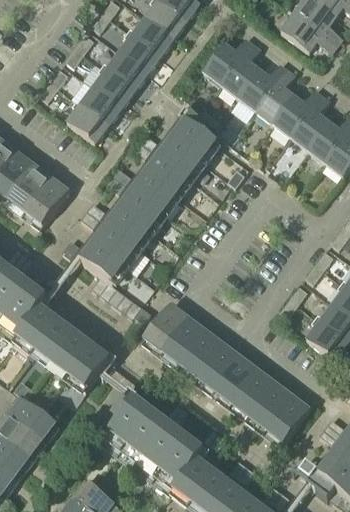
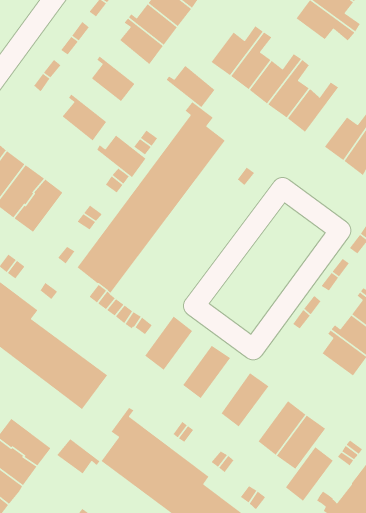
building: [102,48,148,88] -> [165,65,216,108]
building: [76,83,122,123] -> [96,135,146,178]
building: [291,91,330,146] -> none
building: [161,315,205,365] -> none
building: [195,340,240,391] -> none
building: [230,366,275,417] -> [285,446,334,502]
building: none -> [56,438,101,474]

